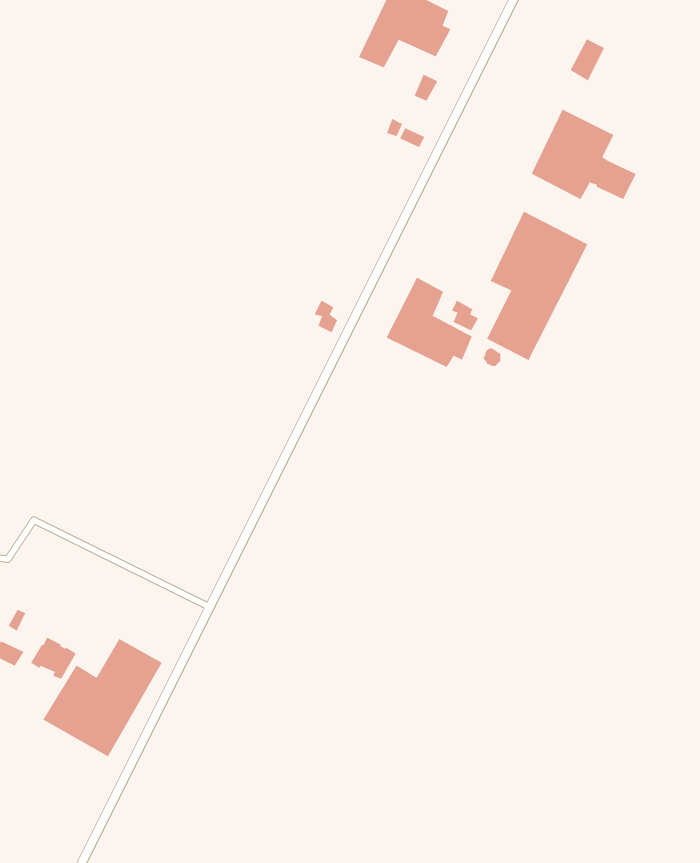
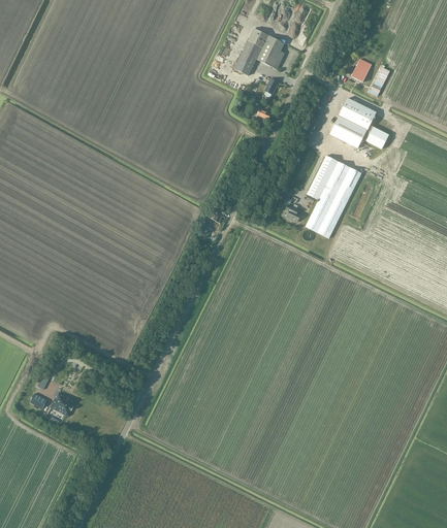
building: [386,277,473,368] -> none
building: [42,638,163,757] -> none

